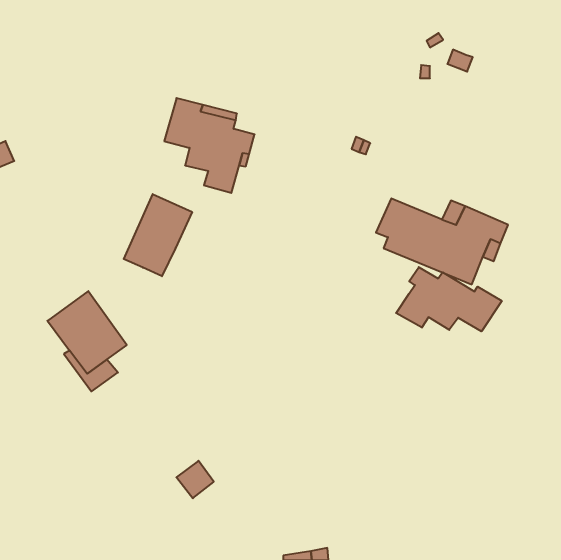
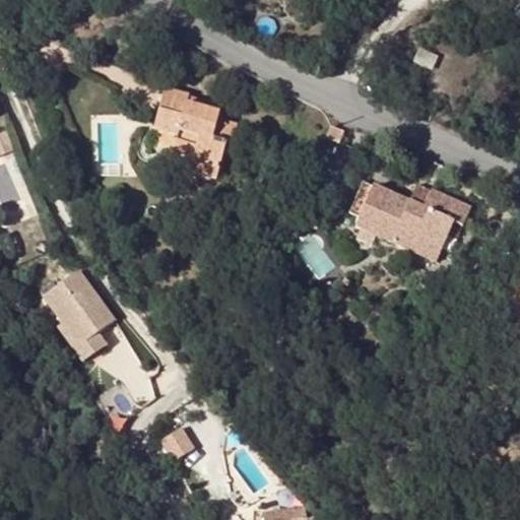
building: [124,194,192,276] -> none
building: [396,267,502,331] -> none

